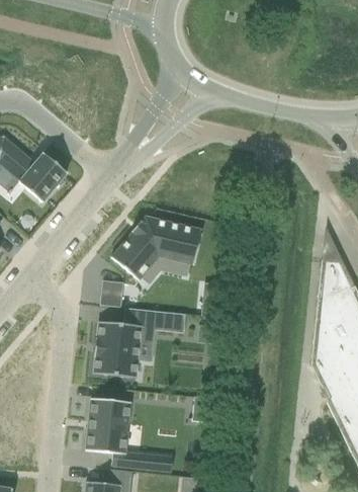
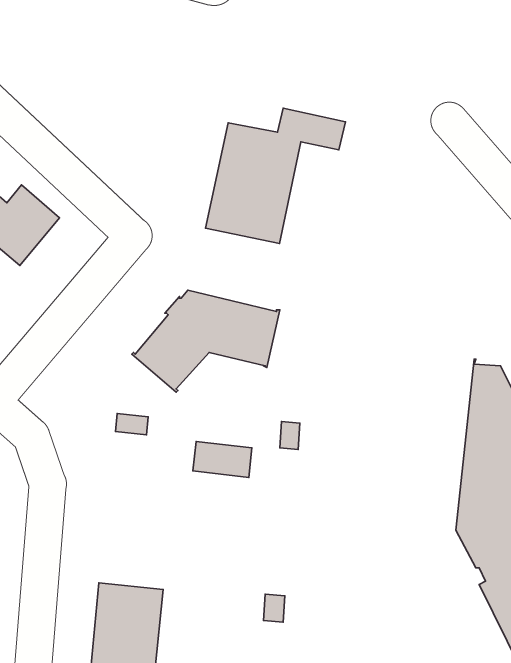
building: none -> [205,108,345,243]
building: [93,322,142,379] -> none

